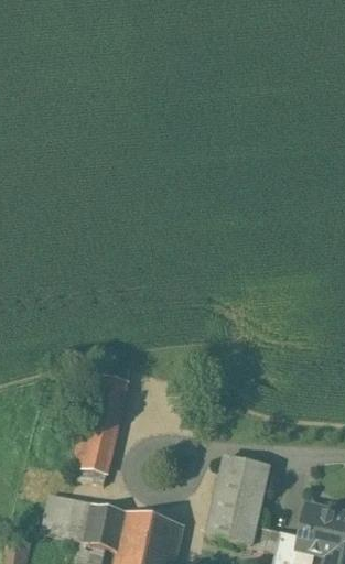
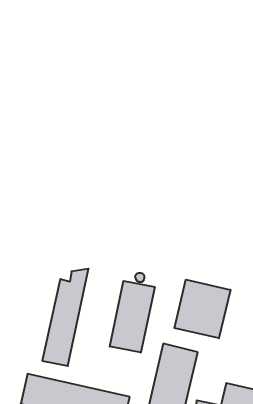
building: none -> [174,280,230,338]
building: none -> [110,281,155,353]

